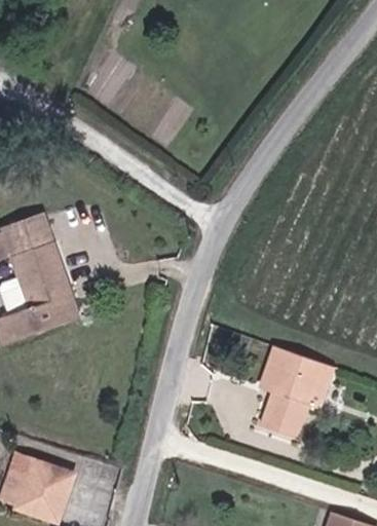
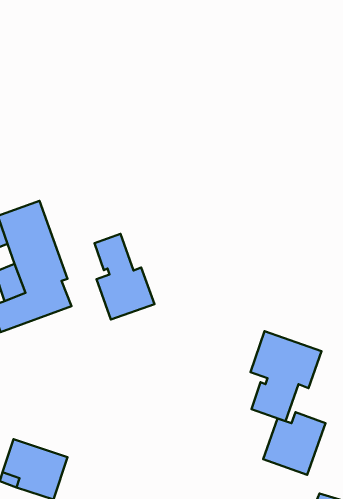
building: none -> [95,234,154,320]
building: none -> [263,412,325,475]

